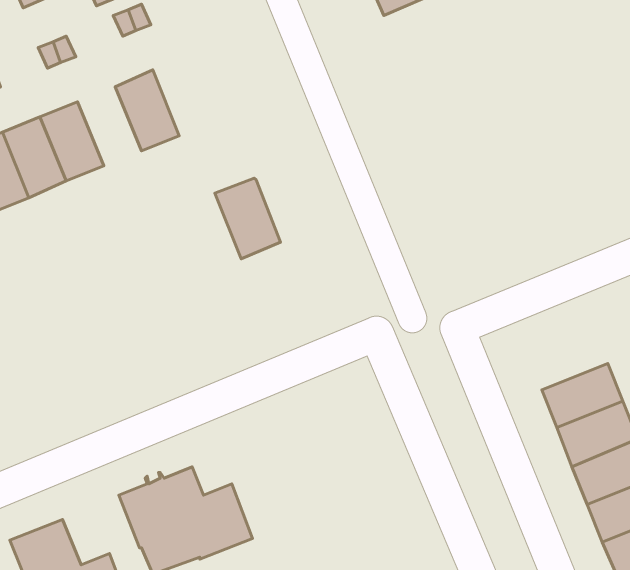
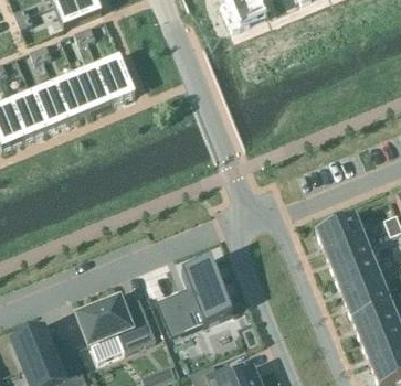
building: none -> [52,74,89,120]
building: [215,178,280,259] -> [96,55,135,103]
building: none -> [315,214,363,251]
building: none -> [156,259,232,325]

